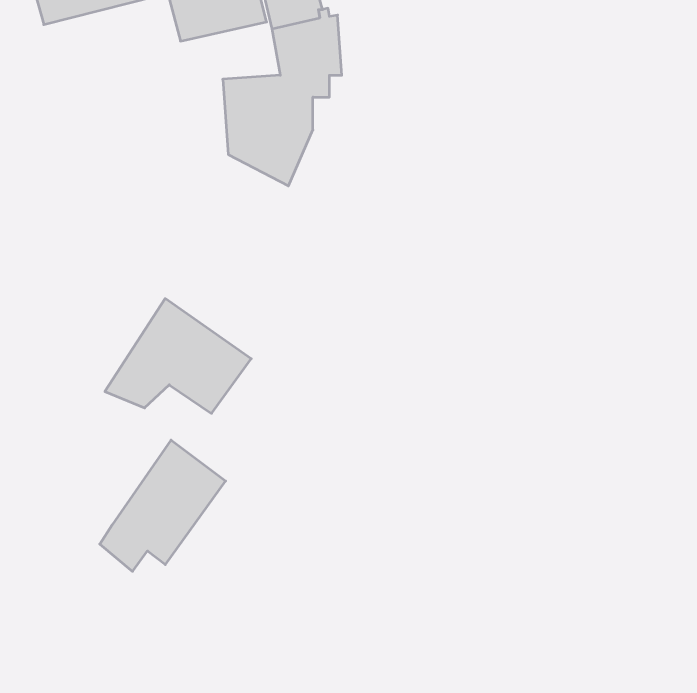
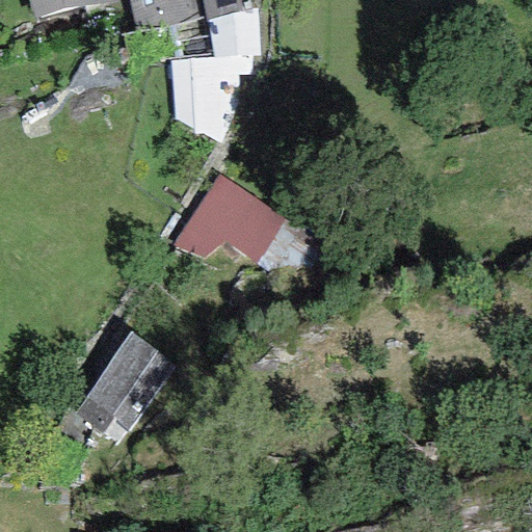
building: [105,299,251,413] -> [175,172,286,260]

